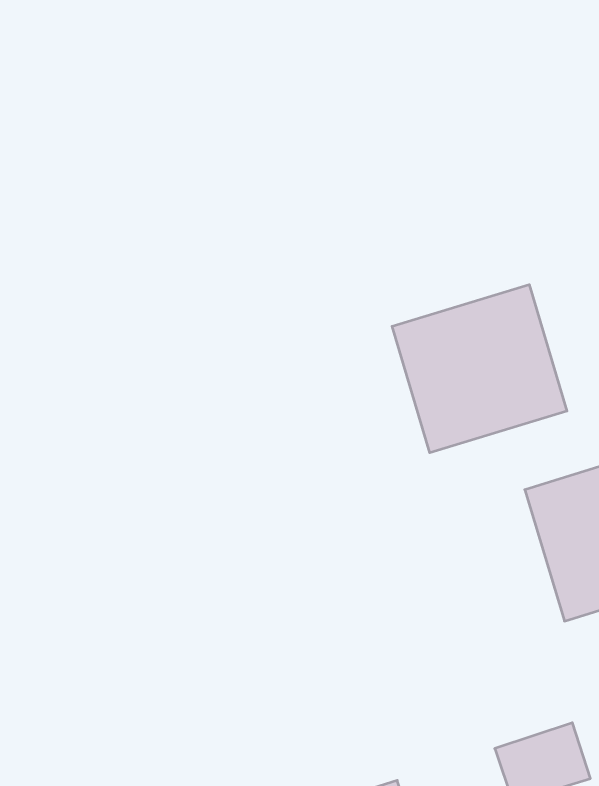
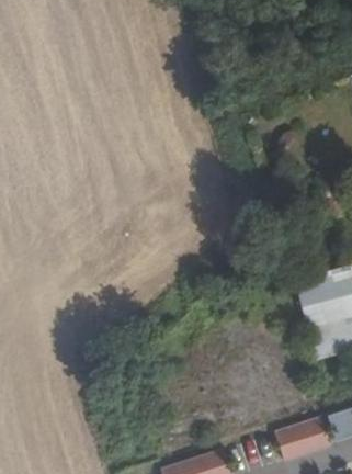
building: [392,285,567,453] -> none

